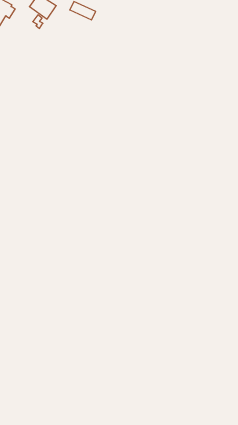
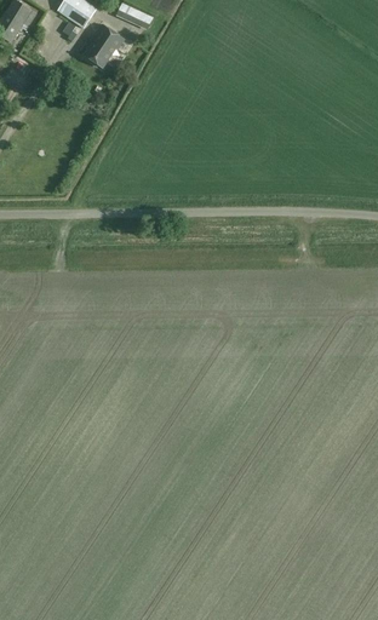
building: none -> [84,24,124,67]

